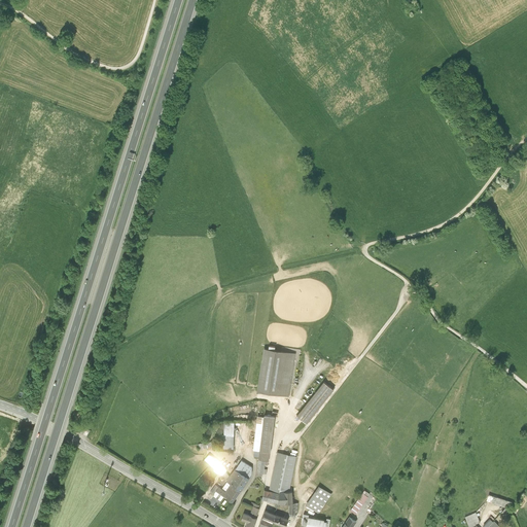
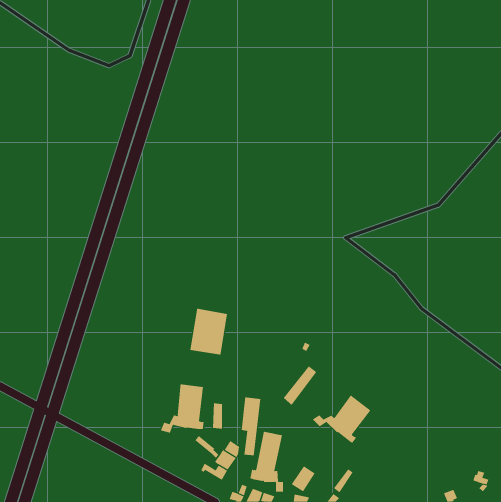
building: [256,348,296,397] -> [190,308,228,355]
building: none -> [160,384,204,434]
building: none -> [312,394,371,444]

